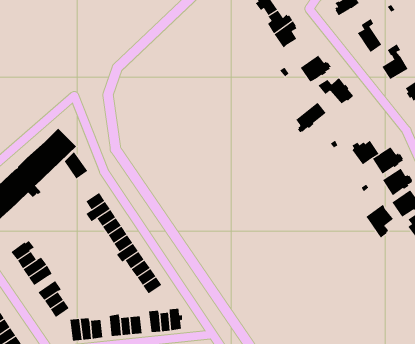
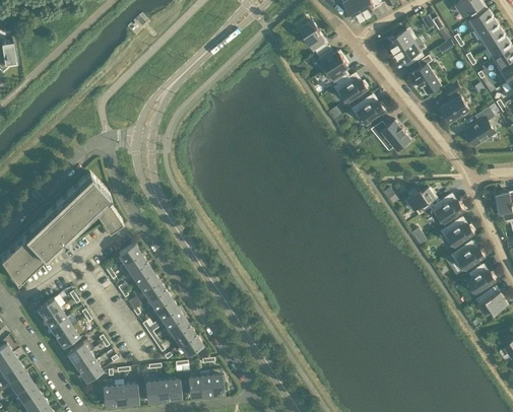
building: none -> [393,41,425,68]
building: none -> [334,74,368,105]
building: [296,102,327,133] -> none
building: [366,204,394,239] -> none

